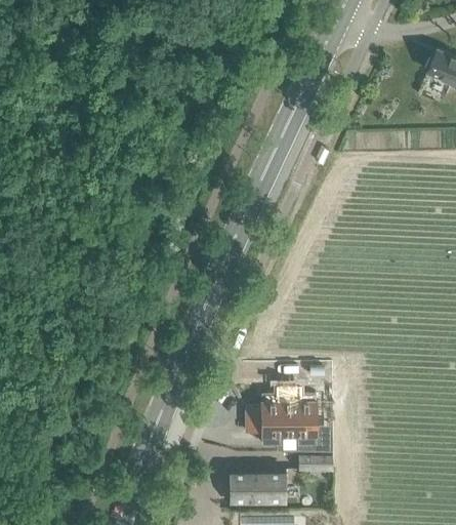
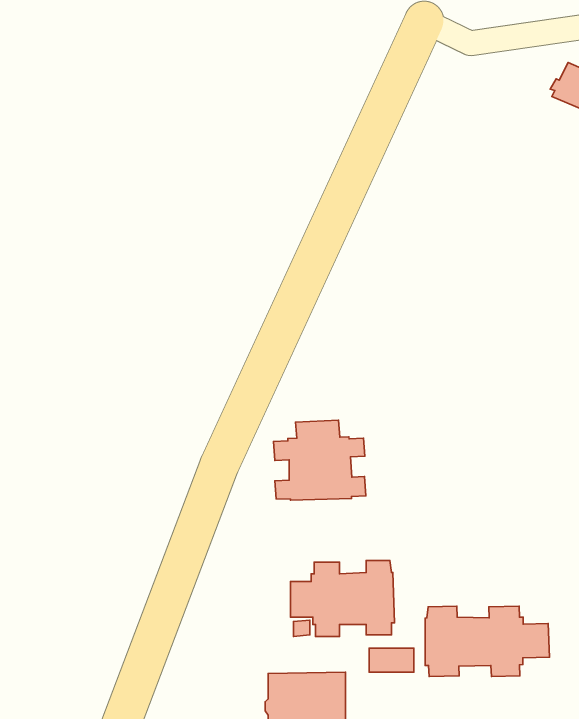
building: none -> [274,420,366,500]
building: none -> [425,606,549,677]

